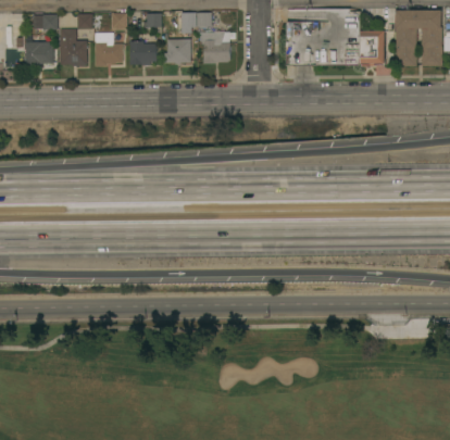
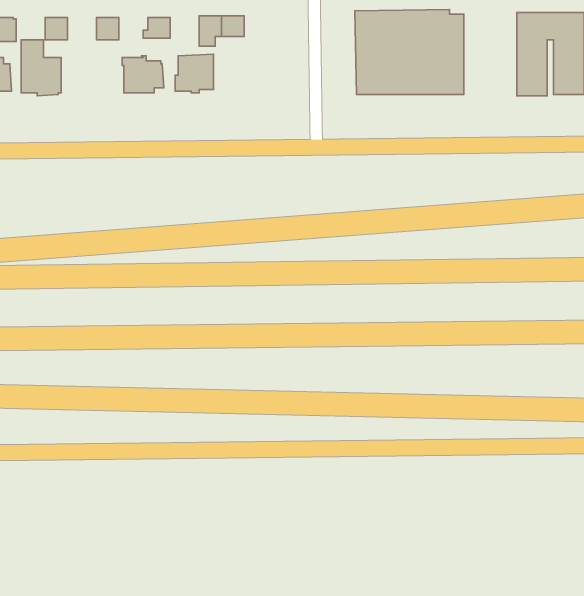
building: [199,30,229,63] -> none
building: [360,30,385,65] -> none
building: [95,32,122,65] -> none

